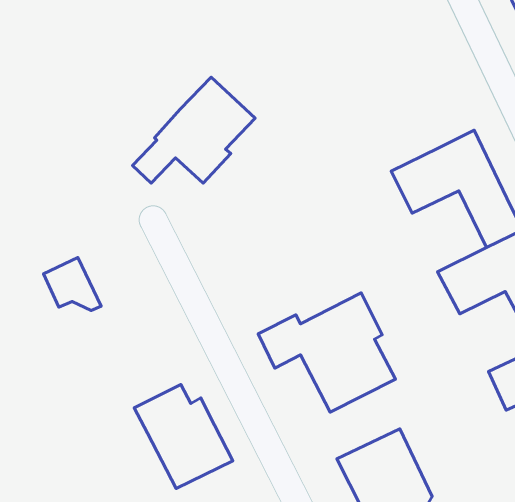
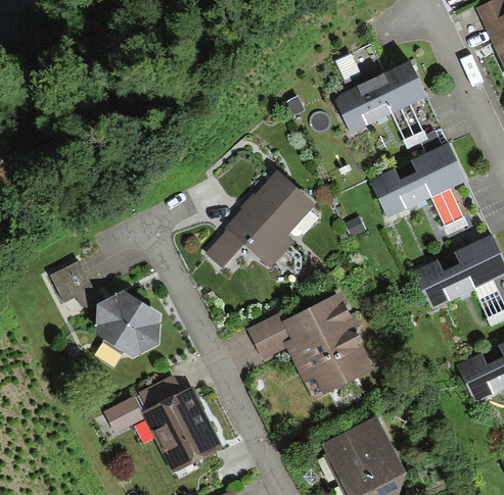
building: none -> [334,63,447,156]
building: [132,77,255,183] -> [205,169,319,267]
building: none -> [96,291,161,359]
building: none -> [106,396,145,433]

